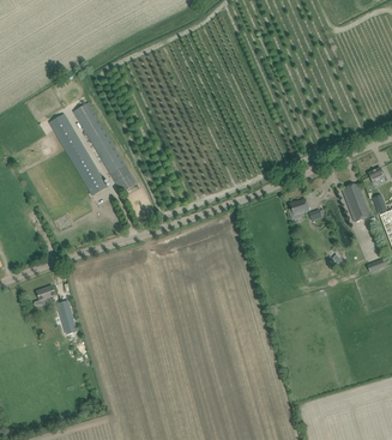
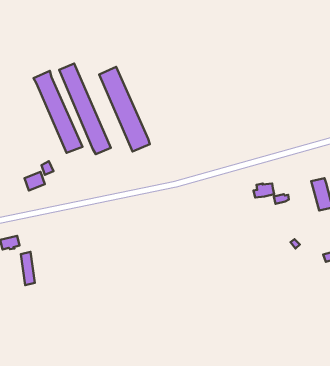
building: none -> [99,67,150,152]

